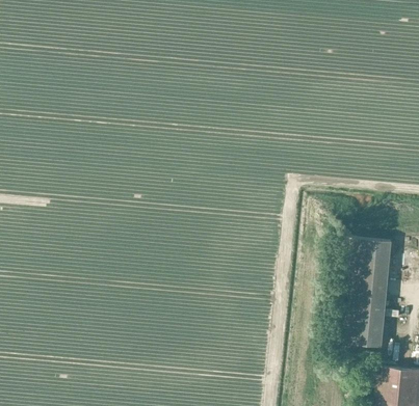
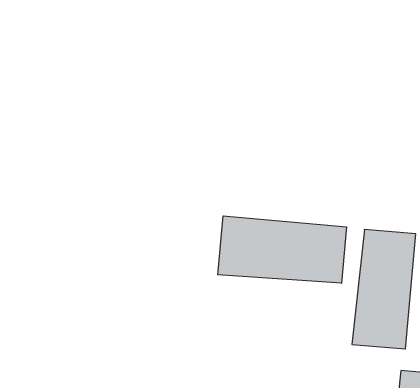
building: none -> [218,216,347,283]

